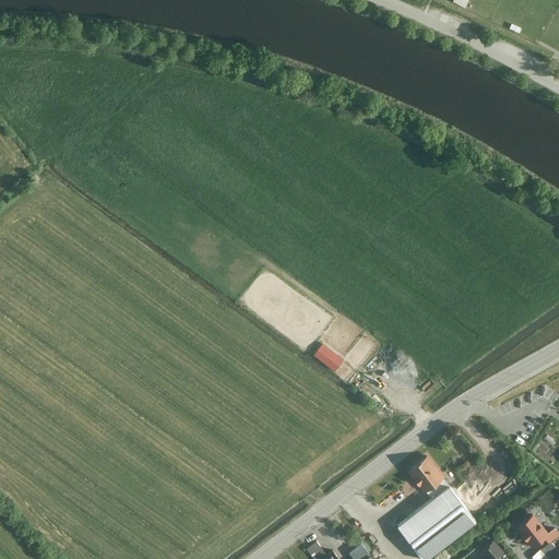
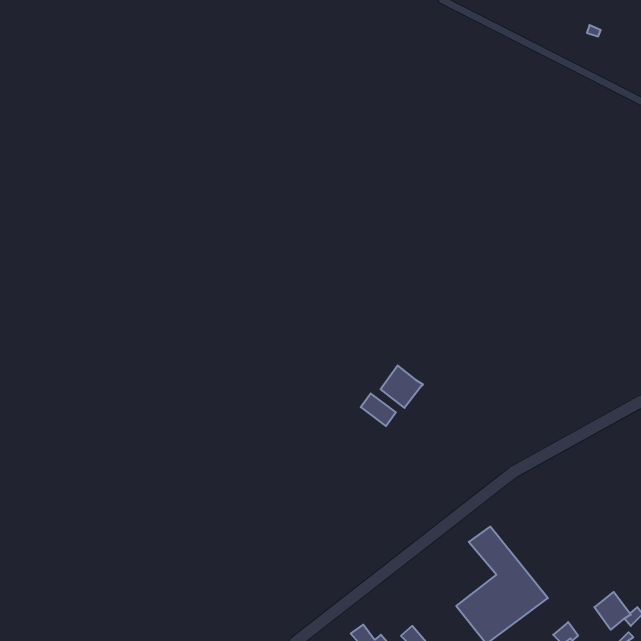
building: none -> [381,365,423,408]

